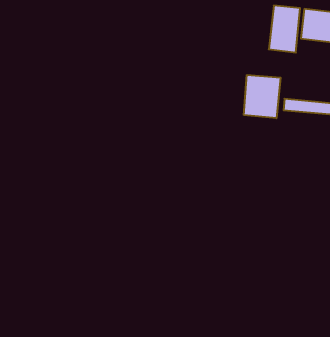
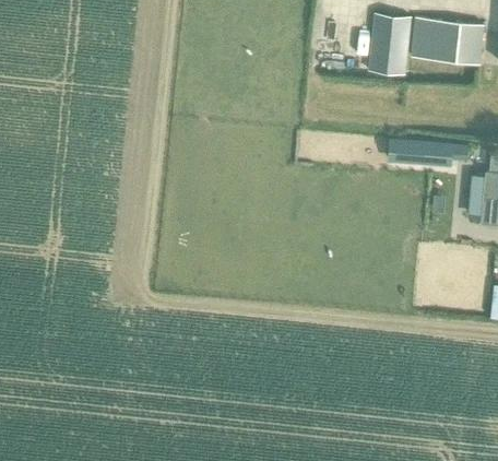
building: [244,75,281,118] -> none

